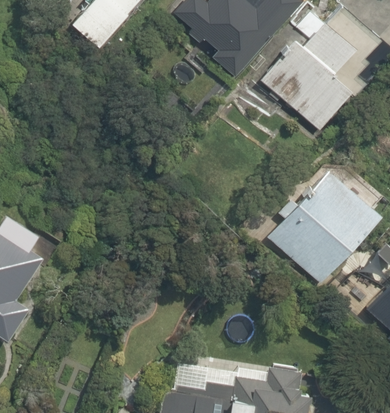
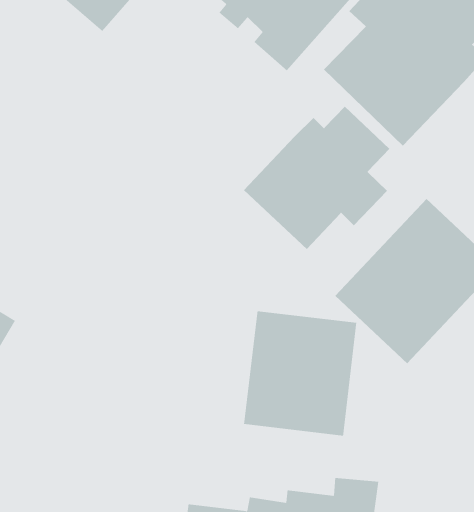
building: none -> [243,106,390,250]
building: none -> [244,310,357,436]

